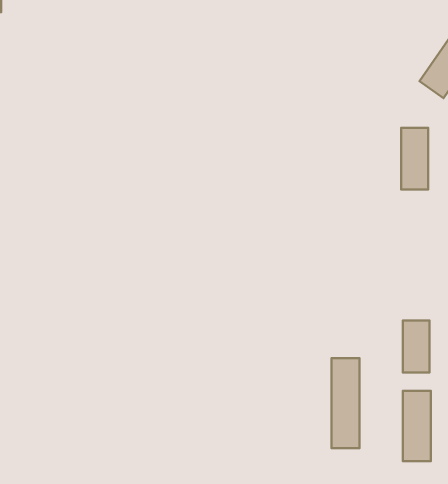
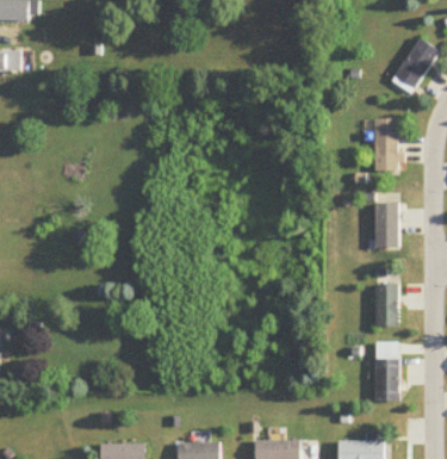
building: none -> [373,192,402,250]
building: [331,358,360,448] -> none

